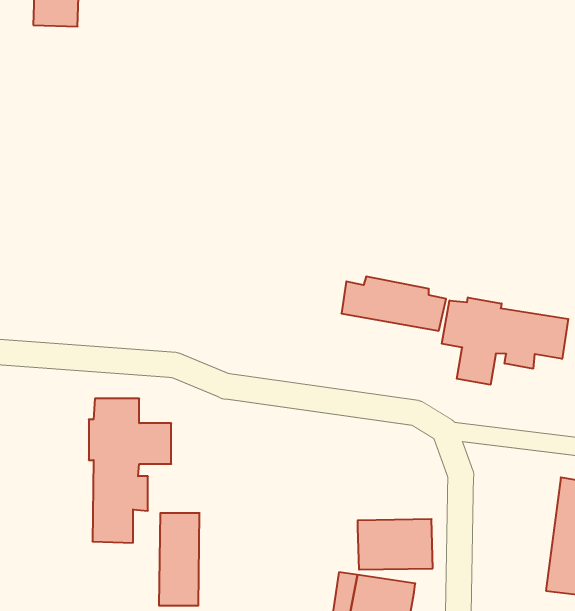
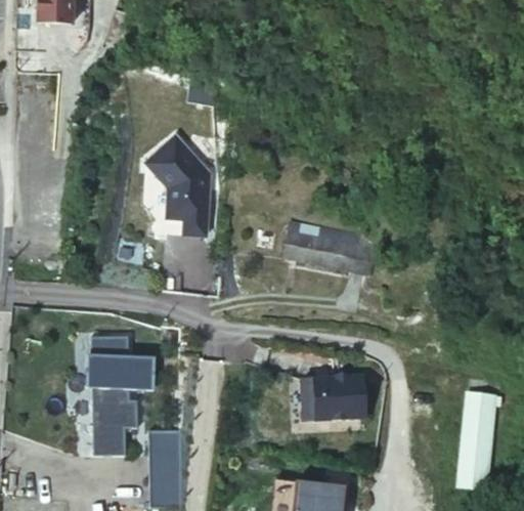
building: none -> [149,136,213,236]
building: [442,297,568,385] -> none
building: [358,519,433,570] -> [307,377,369,419]

